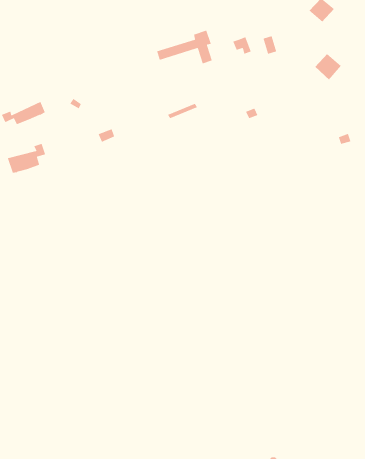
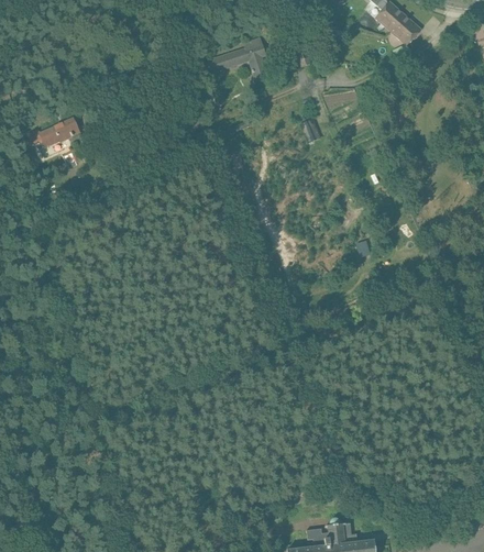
building: [315,53,342,80] -> [391,15,421,46]
building: [7,143,46,173] -> none

